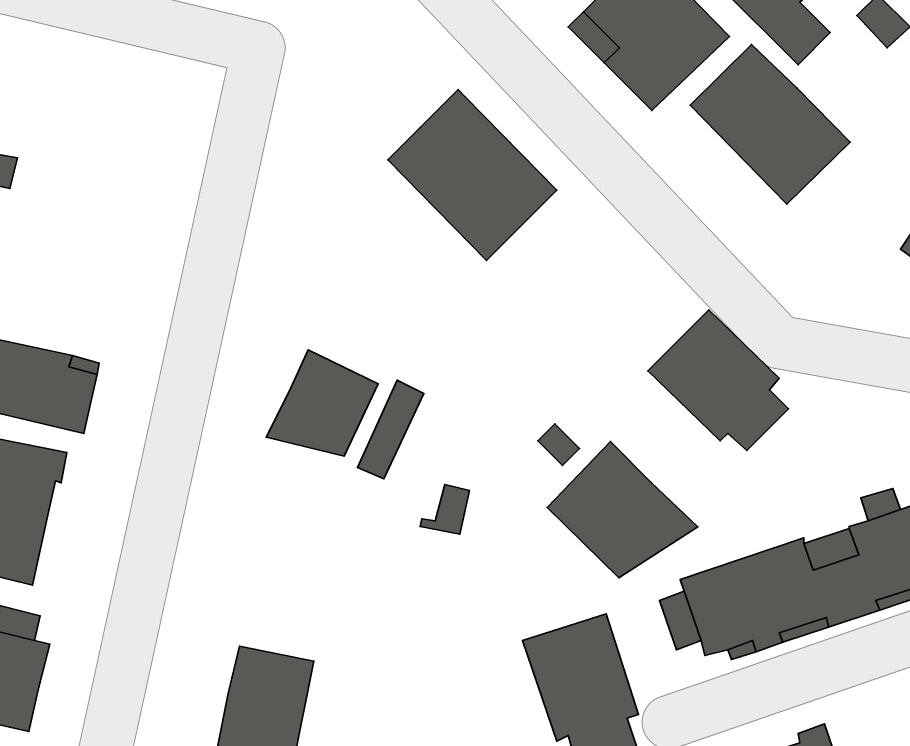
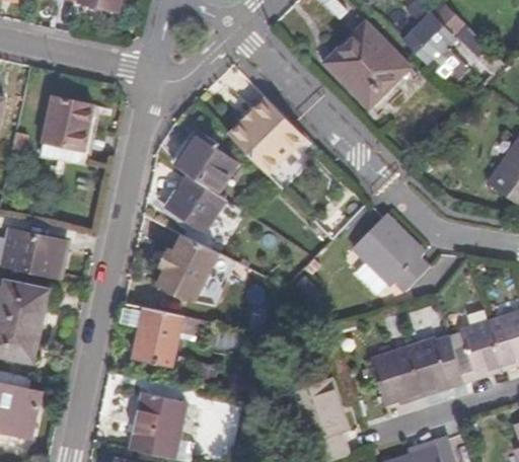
building: [690,44,850,204] -> none
building: none -> [41,96,96,164]
building: none -> [159,132,228,229]
building: [547,441,698,578] -> none
building: none -> [116,304,179,365]

